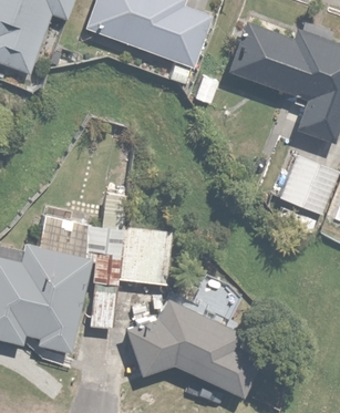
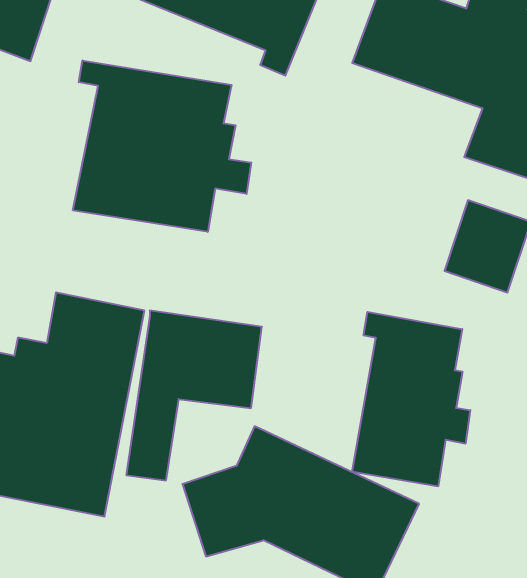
building: none -> [73,60,251,232]
building: none -> [352,312,470,486]

